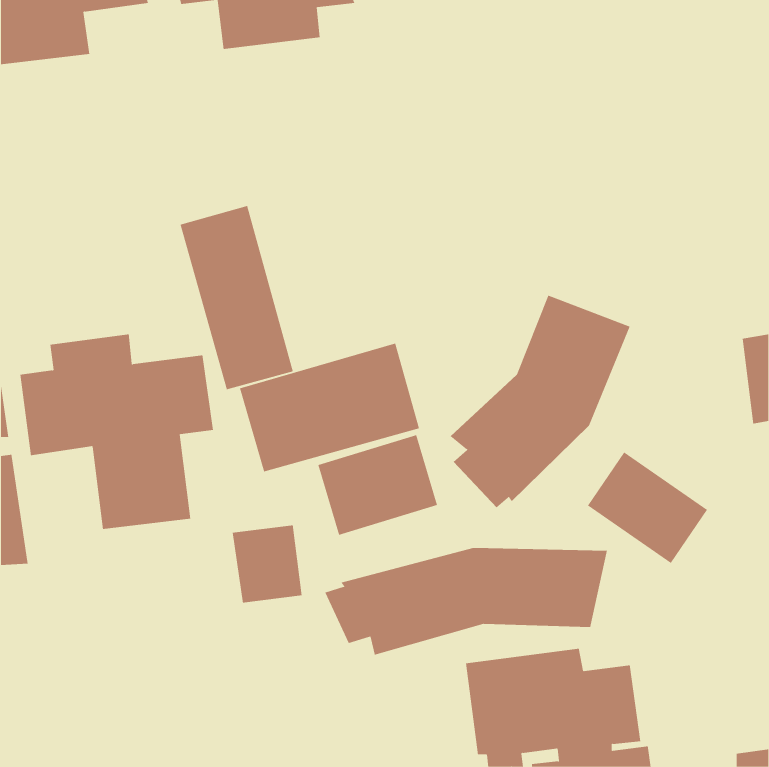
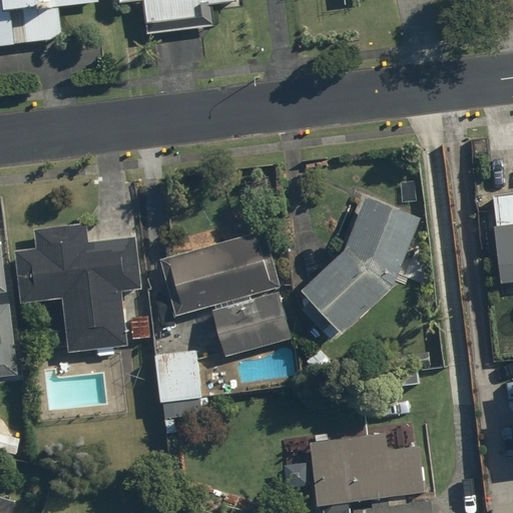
building: [180,205,293,390] -> none
building: [587,452,708,564] -> none
building: [324,547,608,655] -> none

